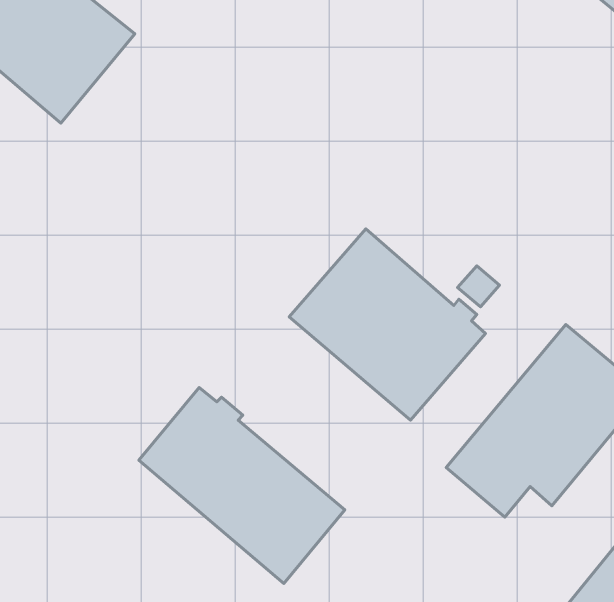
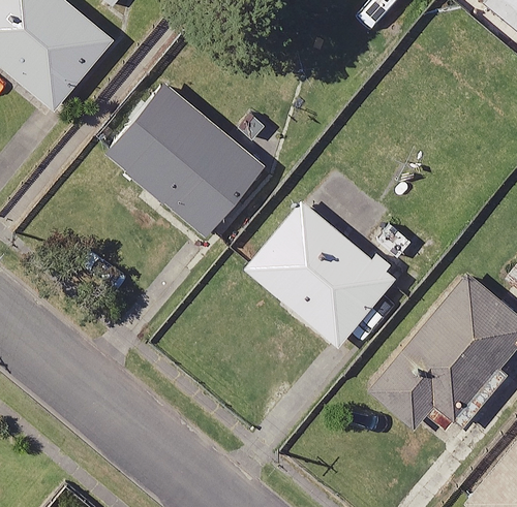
building: none -> [104,82,265,237]
building: [139,388,345,584] -> none

